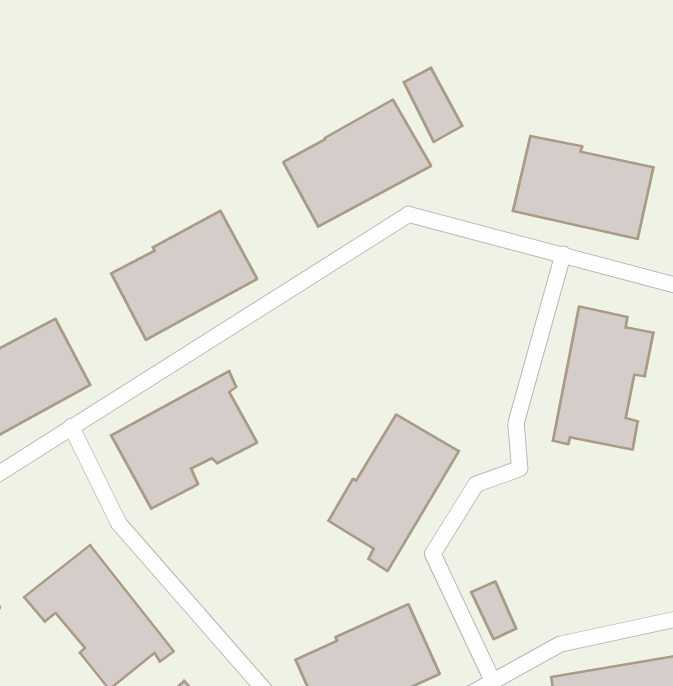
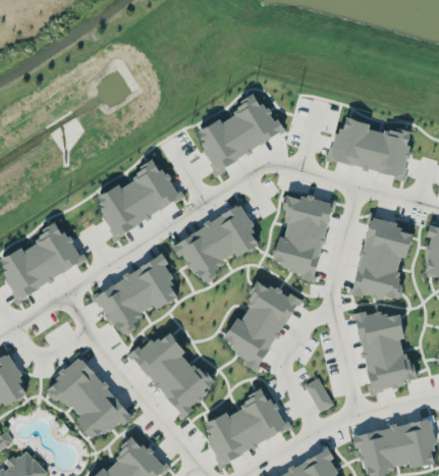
building: [404,68,462,142] -> none
building: none -> [271,195,332,281]
building: none -> [170,206,261,284]
building: none -> [354,311,411,391]
building: none -> [132,329,211,417]

